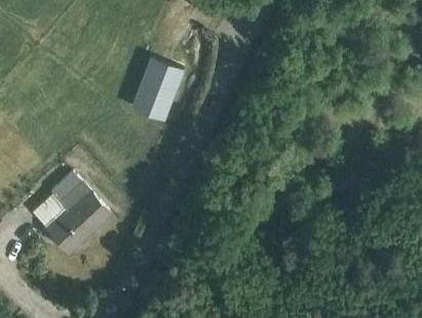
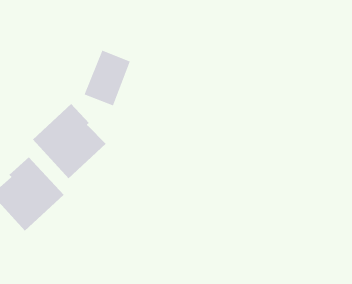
building: none -> [32,103,107,179]

